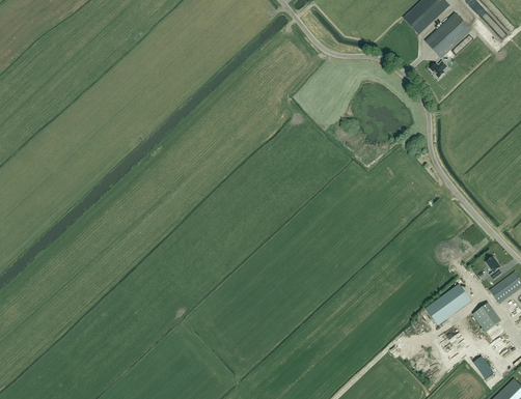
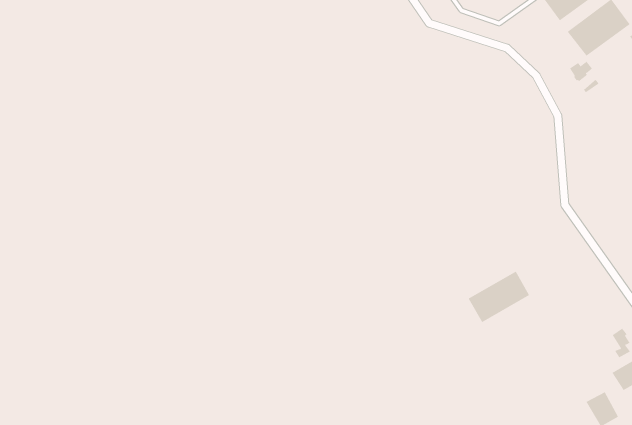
building: [426,283,471,324] -> [468,271,530,323]

